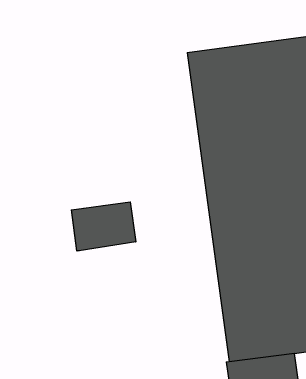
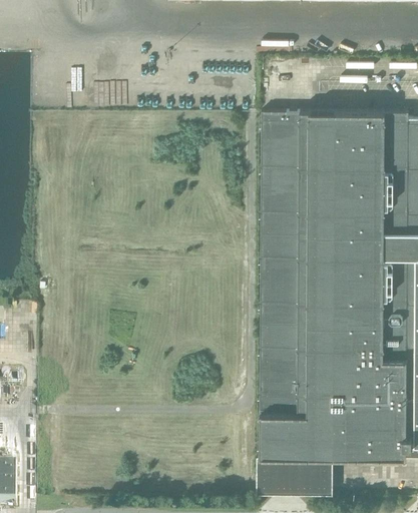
building: [71,202,136,251] -> none

